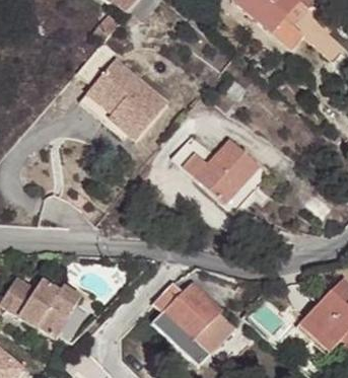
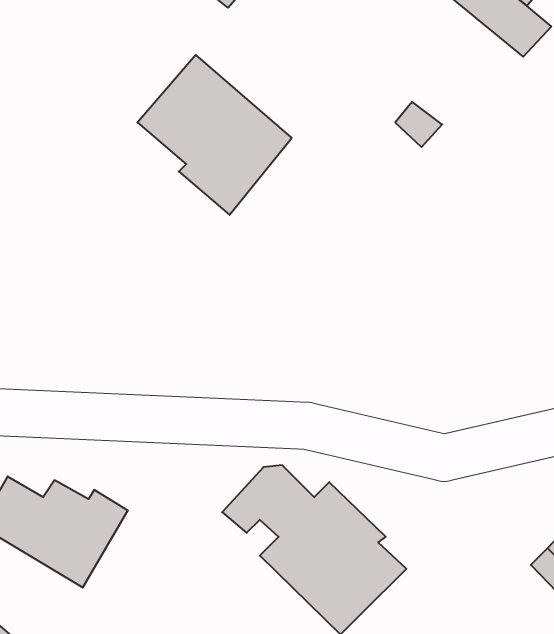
building: [184,143,265,215] -> none

